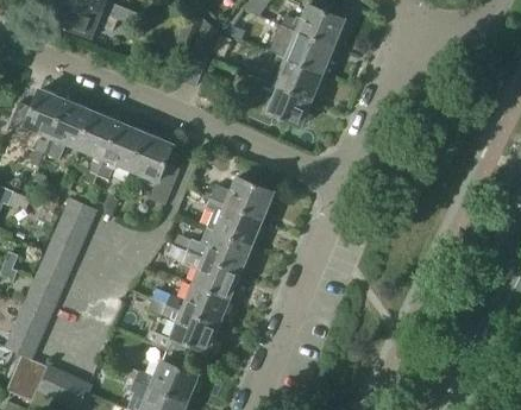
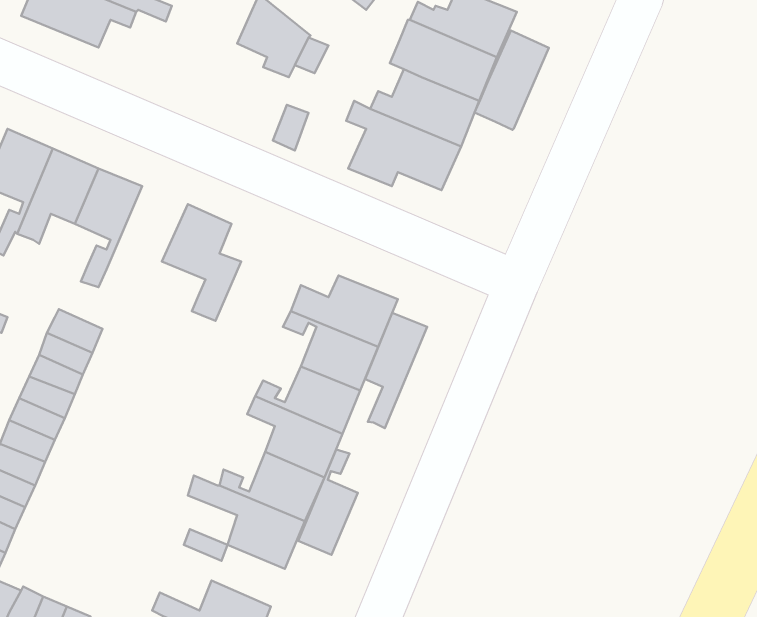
building: none -> [475,31,549,130]
building: [99,124,147,178] -> none
building: none -> [365,313,427,428]
building: none -> [298,449,358,555]

